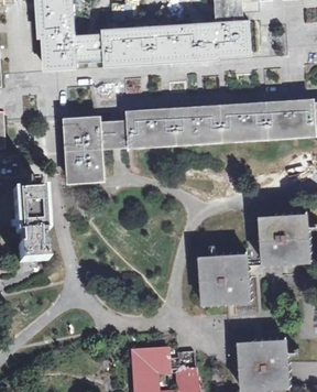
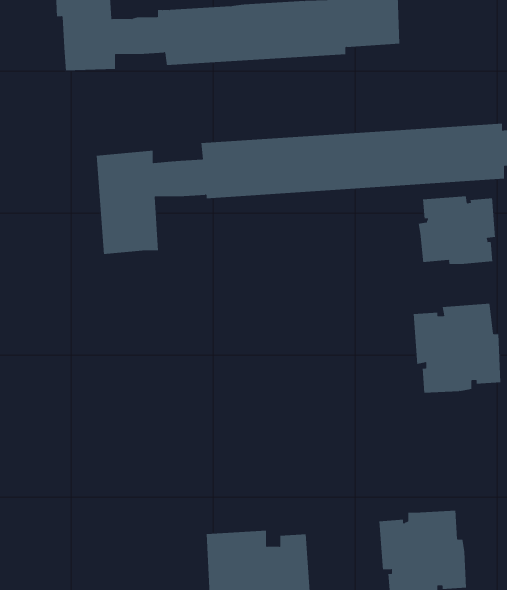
building: none -> [418,195,495,265]
building: [13,187,46,260] -> none
building: [198,250,253,305] -> none

